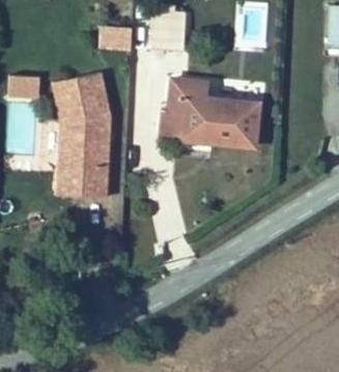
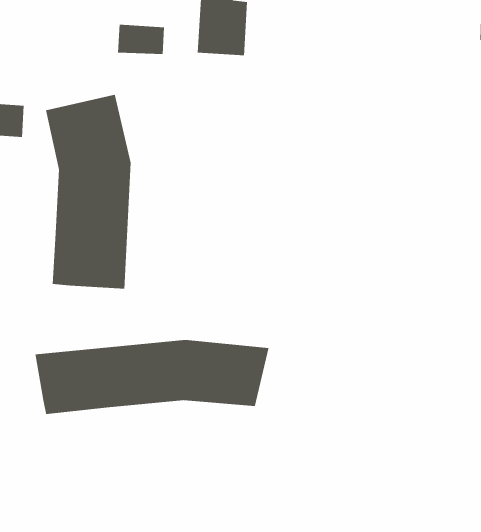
building: [159,80,260,146] -> none
building: none -> [35,339,269,415]

